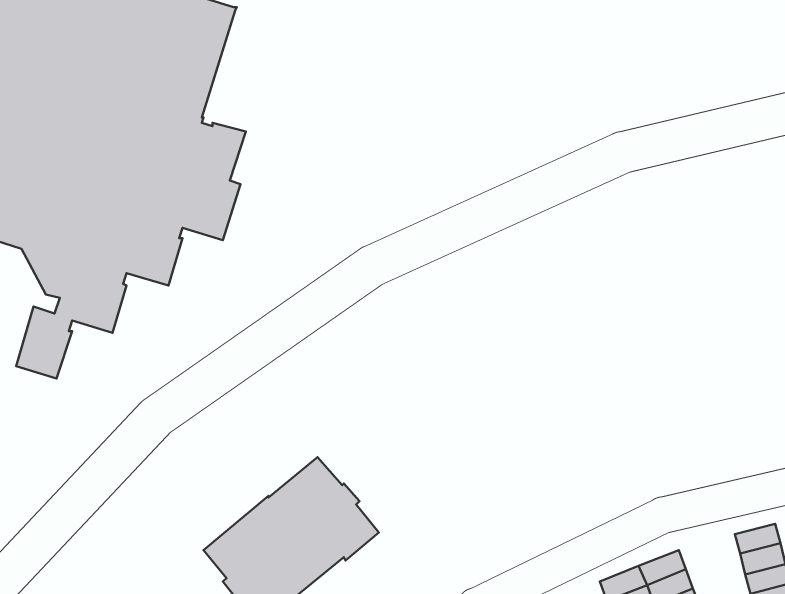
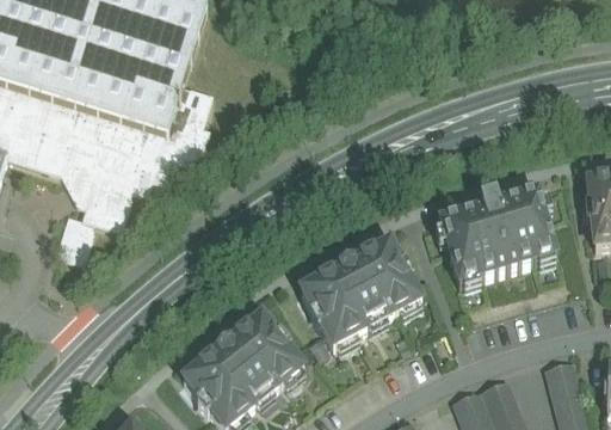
building: none -> [438,189,555,282]
building: none -> [300,239,420,345]

